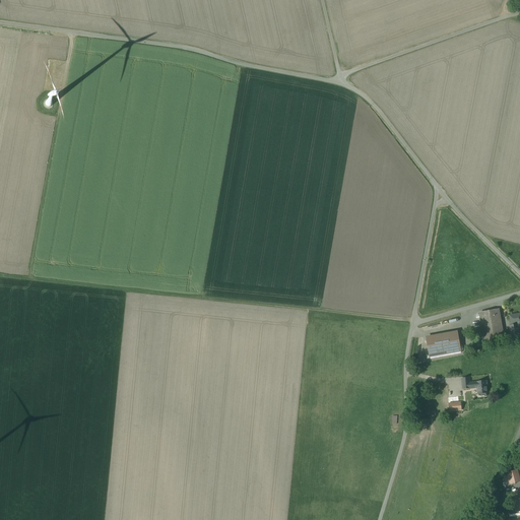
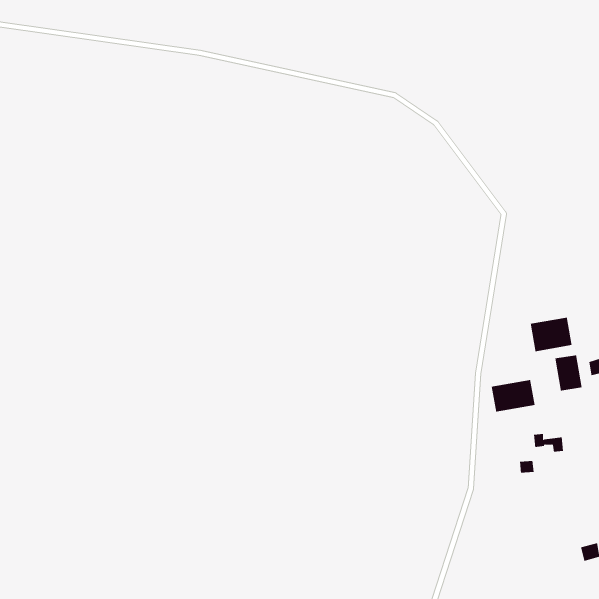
building: none -> [530,317,572,352]

